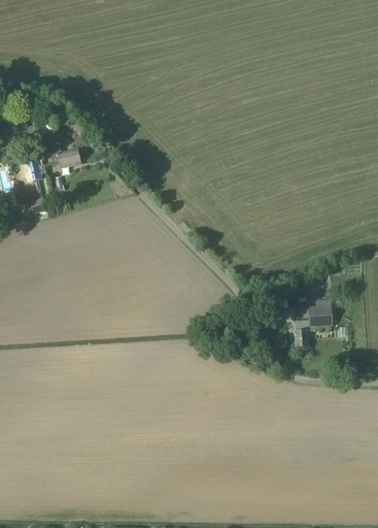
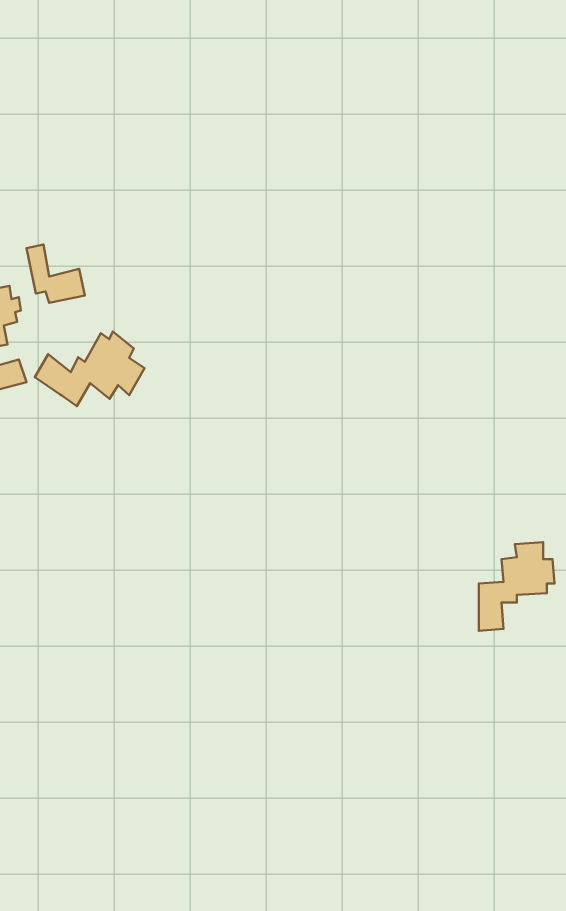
building: none -> [35,332,144,406]

